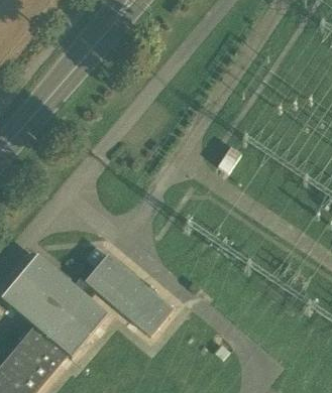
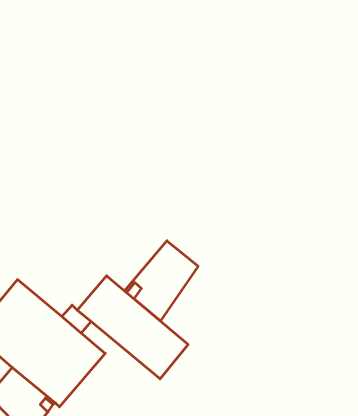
building: none -> [124,241,198,321]

